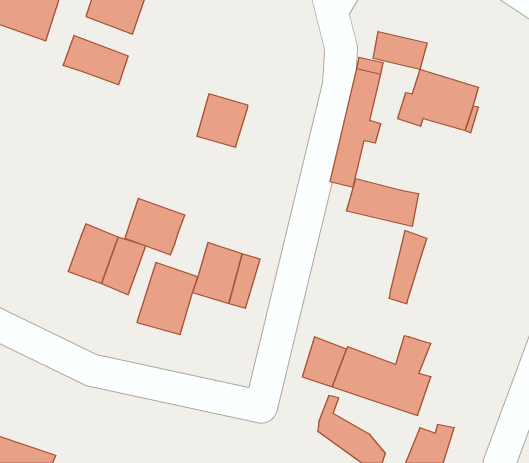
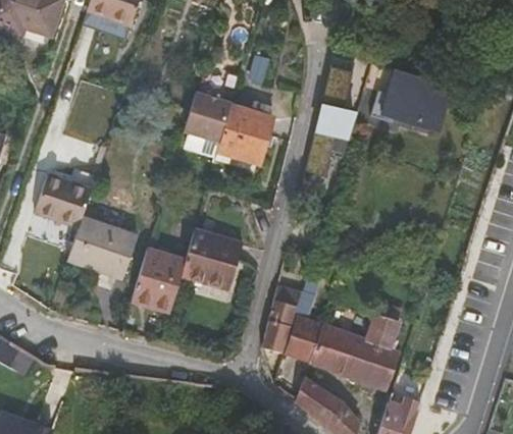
building: [373,31,427,70] -> none
building: [63,35,128,85] -> none
building: none -> [215,106,273,165]
building: [347,179,419,226] -> none
building: [125,198,185,255] -> [37,171,92,223]
building: [389,231,427,304] -> [265,287,300,355]

